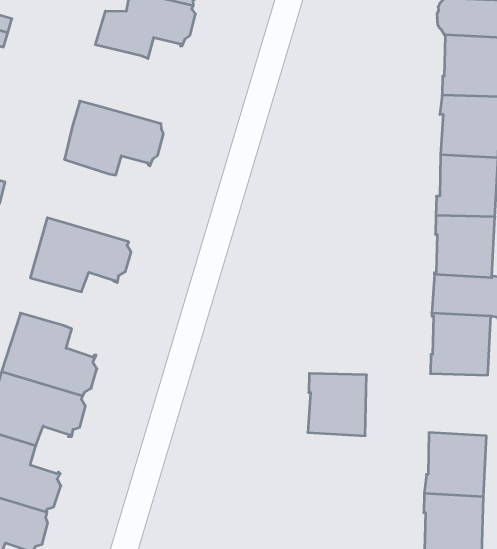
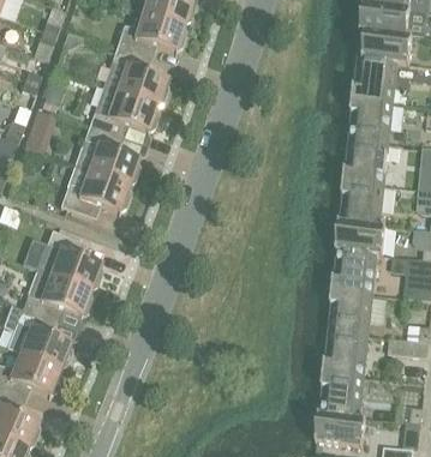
building: none -> [101,47,167,104]
building: none -> [73,125,138,185]
building: [308,373,367,436] -> [328,289,371,335]

